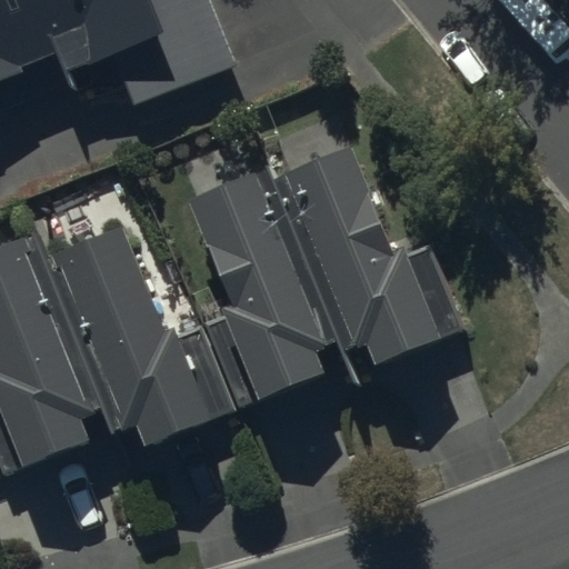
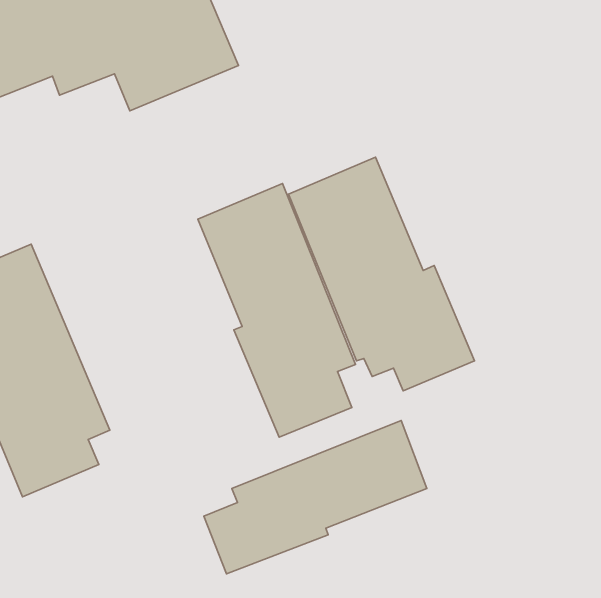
building: [58,229,230,446] -> none
building: none -> [204,421,427,574]

